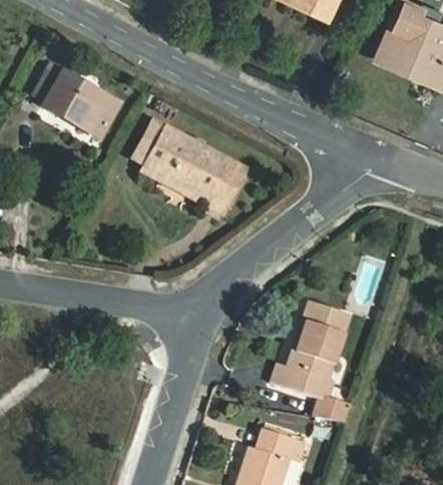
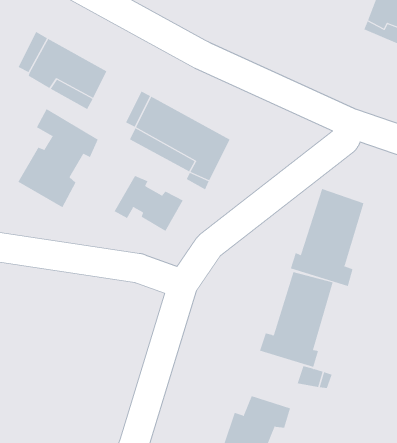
building: none -> [17,108,98,208]
building: none -> [114,175,184,232]
building: none -> [290,188,364,287]

